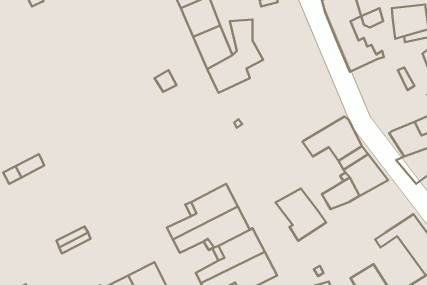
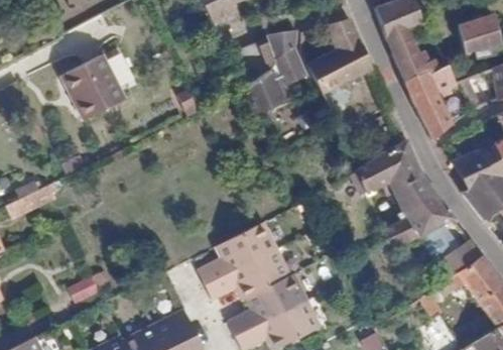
building: none -> [309,20,373,113]
building: none -> [65,52,127,117]
building: none -> [408,75,455,142]
building: [275,188,326,241] -> [423,217,482,277]

